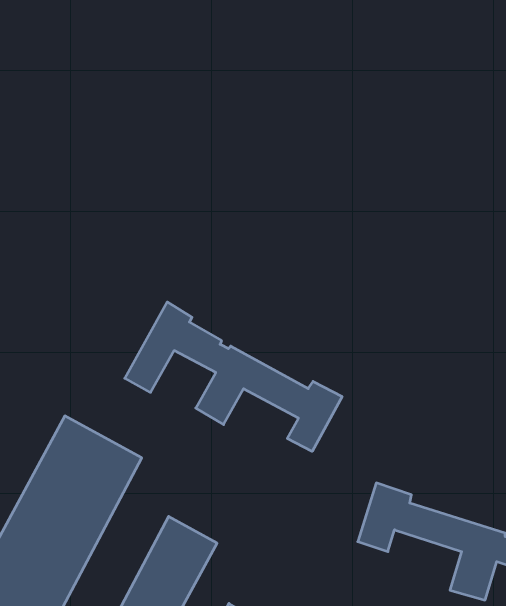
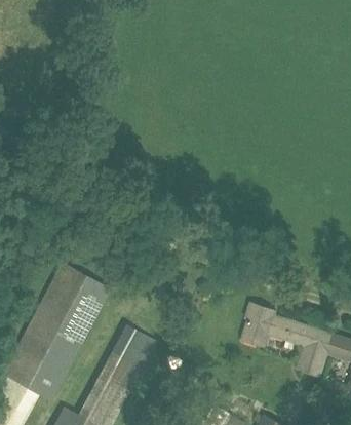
building: [125,302,342,451] -> none

